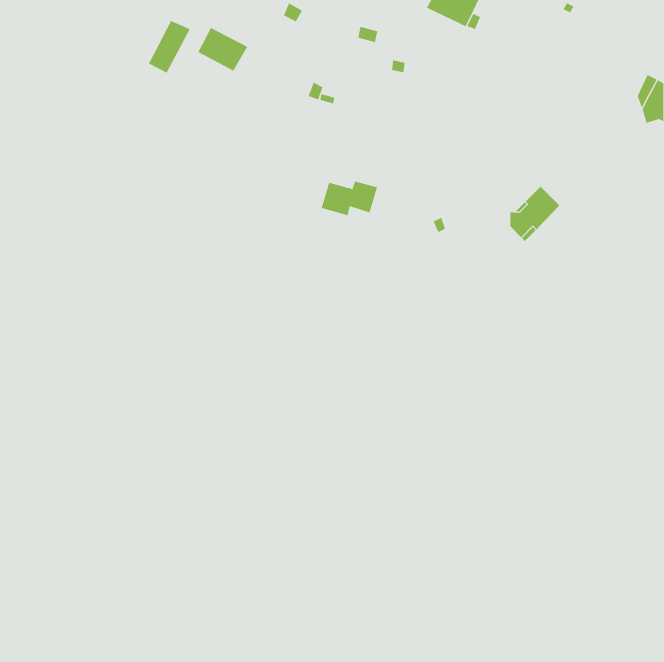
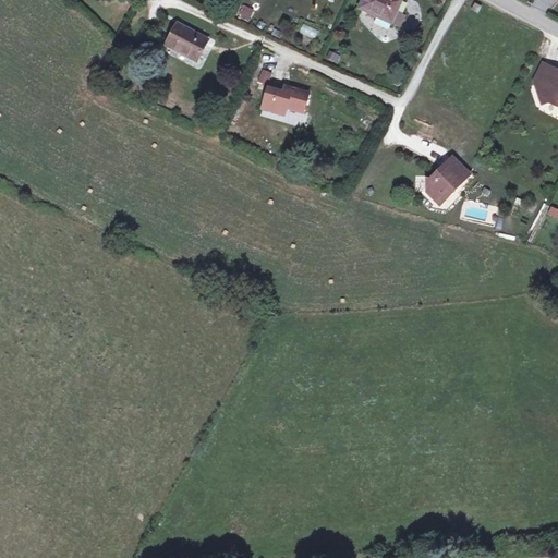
building: [148,20,190,74] -> none
building: [321,181,378,216] -> [262,85,310,114]

